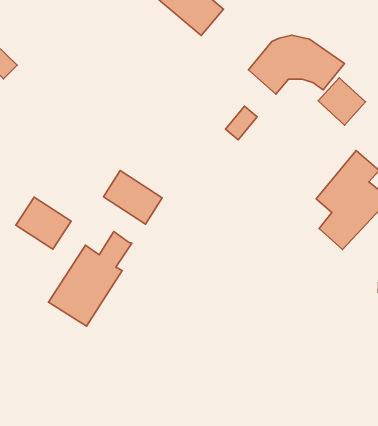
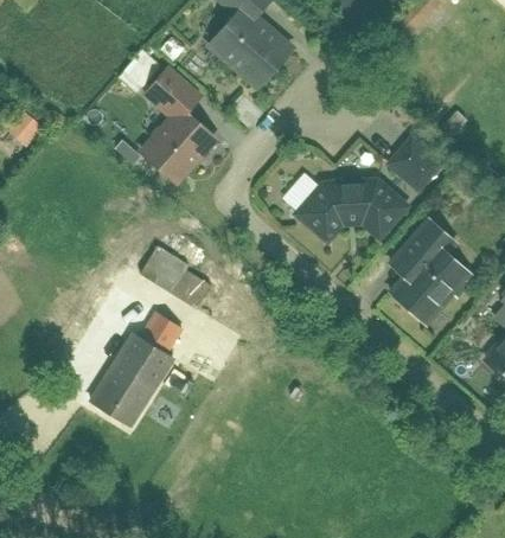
building: none -> [138,66,212,186]
building: [249,35,344,94] -> [295,177,403,243]
building: [16,197,71,249] -> none

